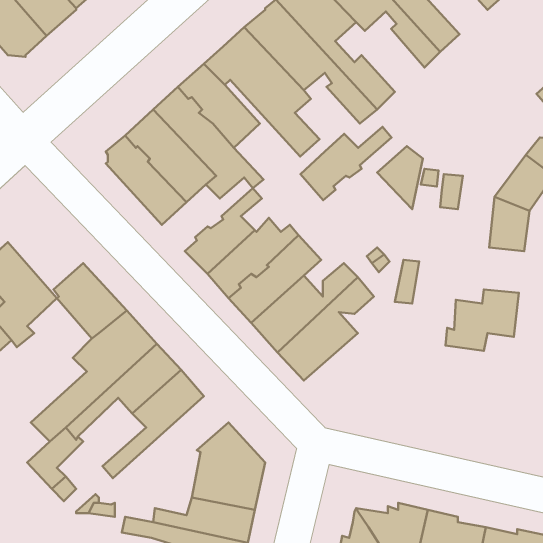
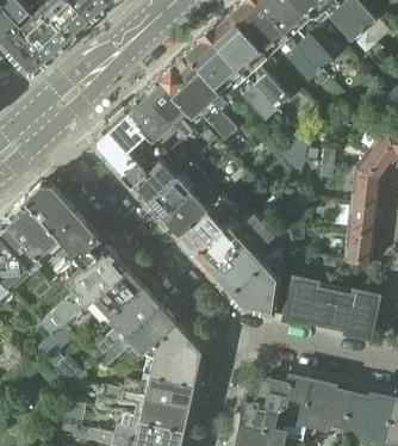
building: [300,127,391,200] -> [130,155,192,205]
building: none -> [25,185,76,237]
building: none -> [335,203,377,234]
building: none -> [226,249,280,315]
building: none -> [285,278,377,335]
building: none -> [97,304,175,368]

